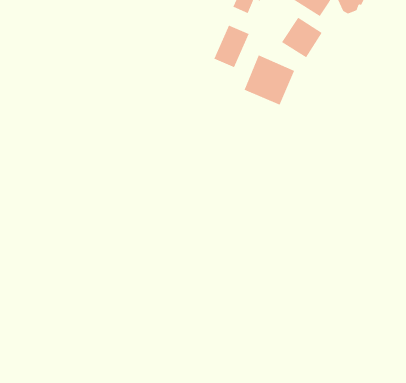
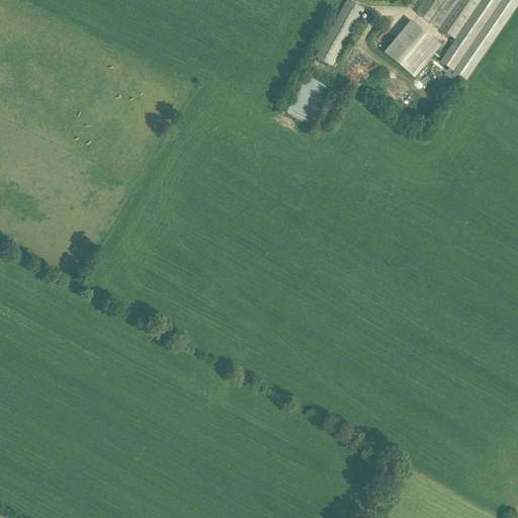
building: [281,17,322,58] -> none
building: [244,55,295,105] -> none

